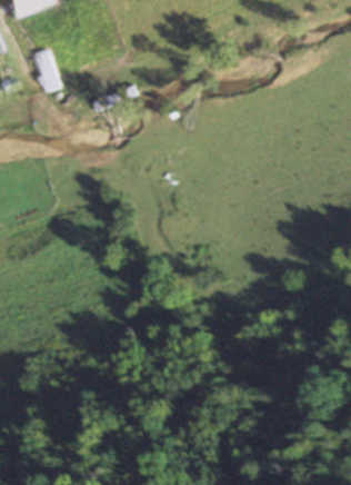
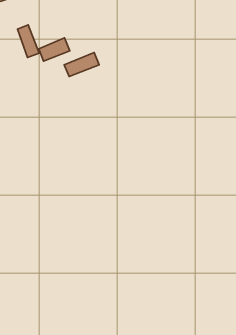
building: none -> [39,38,70,61]

